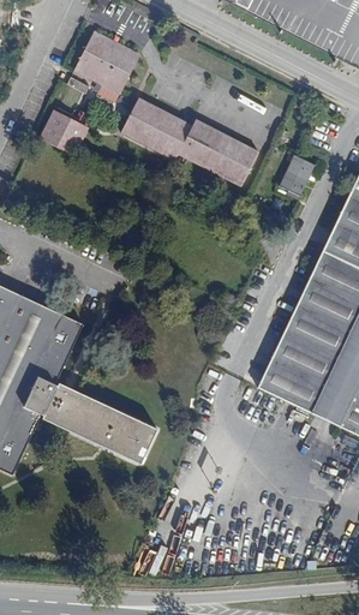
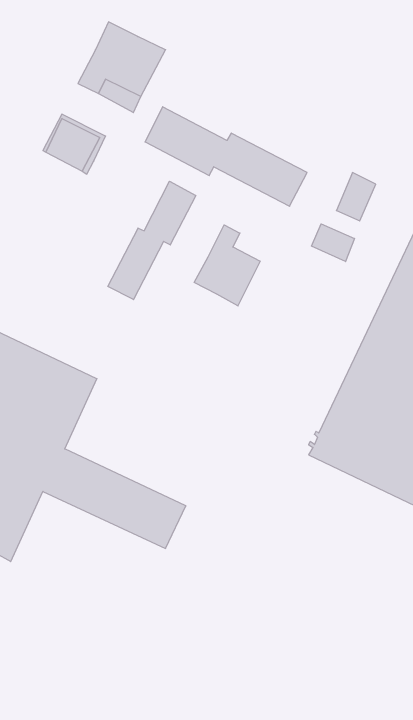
building: none -> [108,181,196,300]
building: none -> [311,224,354,262]
building: none -> [194,225,260,306]

